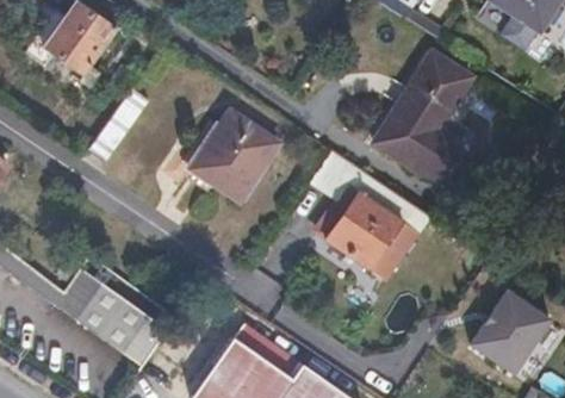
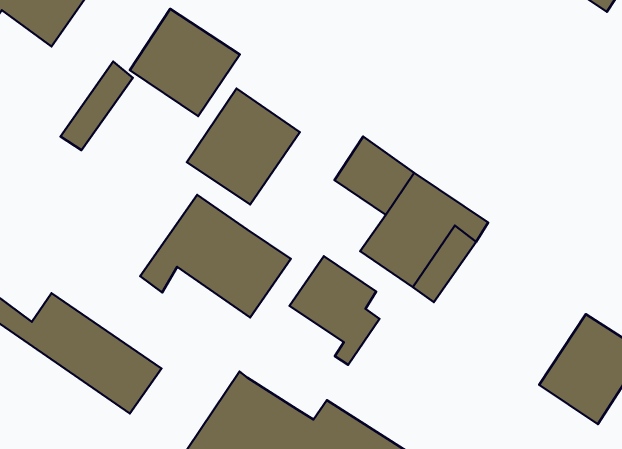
building: none -> [130,9,240,116]
building: [373,51,471,185] -> none
building: none -> [140,195,291,317]
building: none -> [290,256,380,365]

